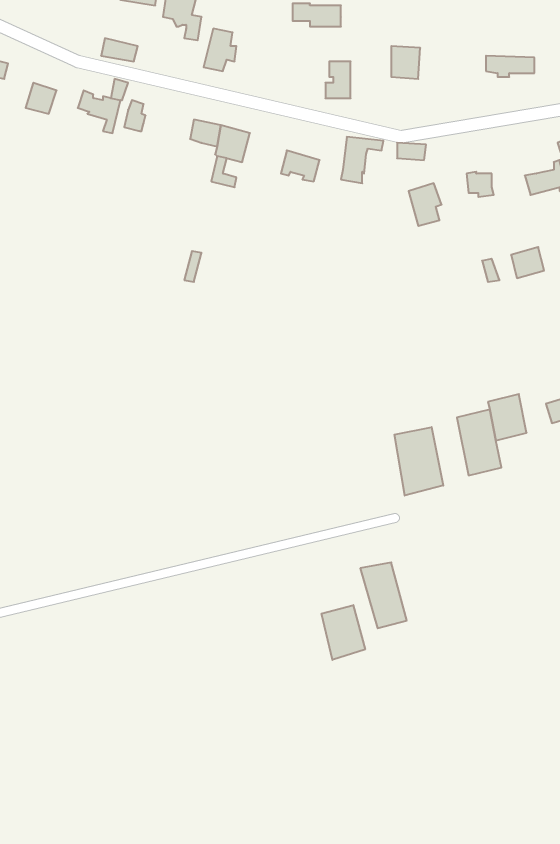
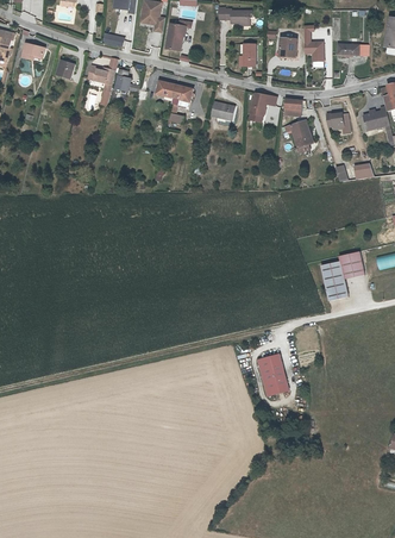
building: none -> [303,24,324,67]
building: [394,427,443,496] -> none
building: [322,605,365,660] -> none

